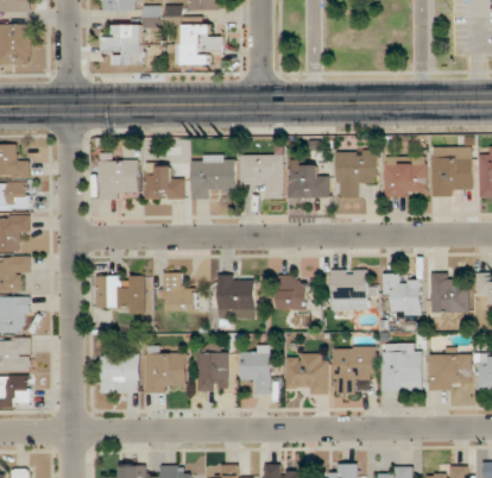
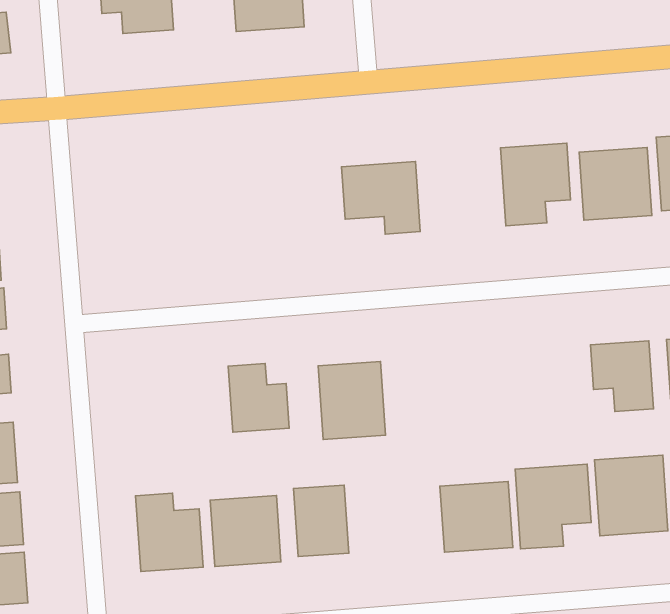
building: [99,153,138,199] -> none
building: [190,155,235,199] -> none
building: [289,161,327,199] -> none
building: [144,165,184,199] -> none
building: [330,269,374,309] -> none
building: [96,275,147,312] -> none
building: [278,275,308,309] -> none
building: [239,345,271,394] -> none

